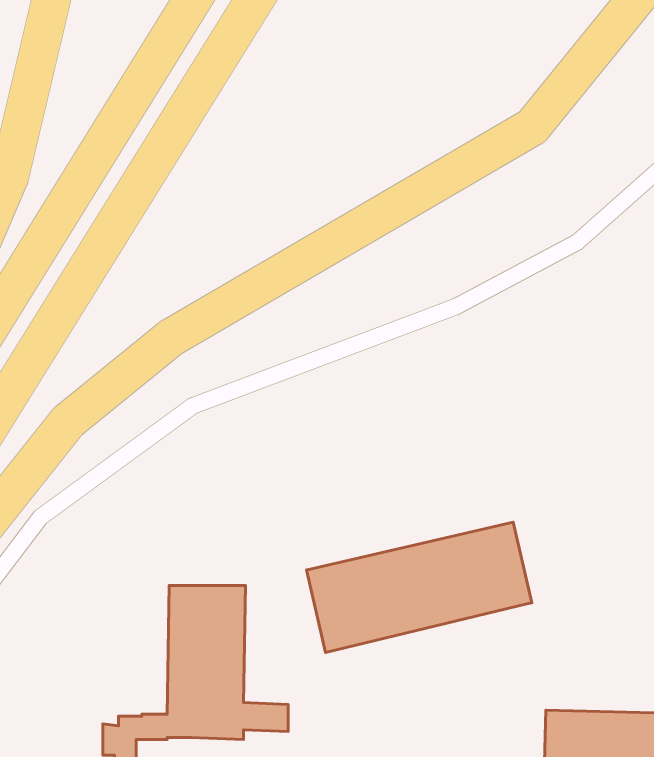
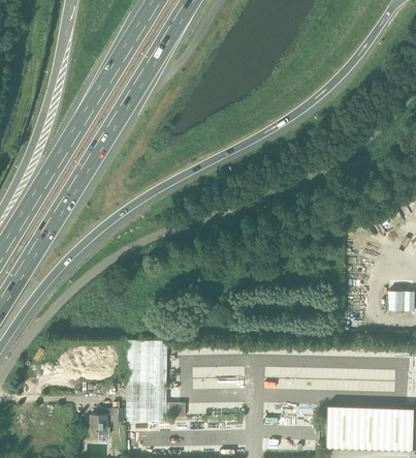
building: [306,522,532,653] -> none

